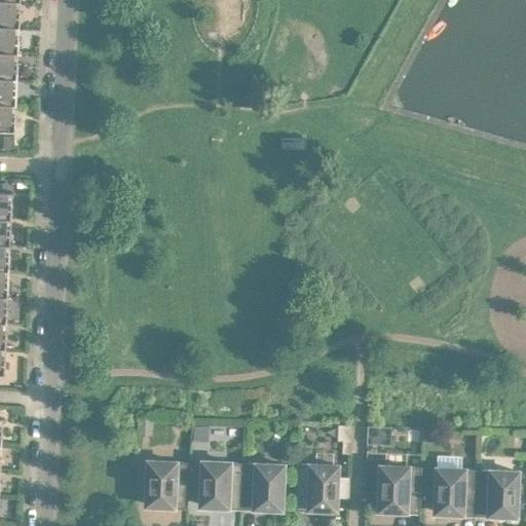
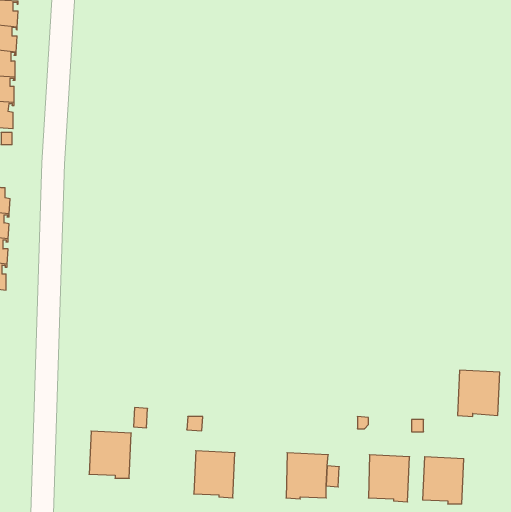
building: [144,461,187,510] -> [89,431,131,478]
building: [238,464,281,511] -> none
building: [473,471,516,518] -> [458,370,500,416]

